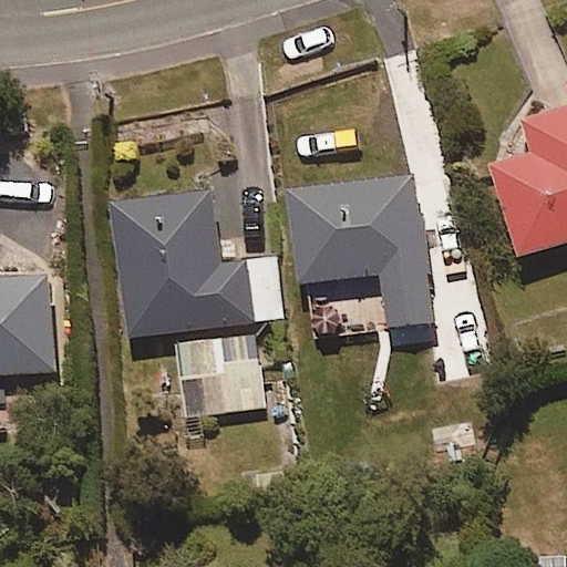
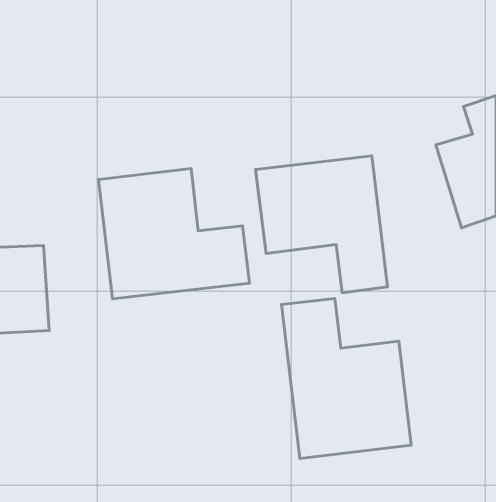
building: none -> [281,299,411,459]
building: [169,337,260,421] -> none

